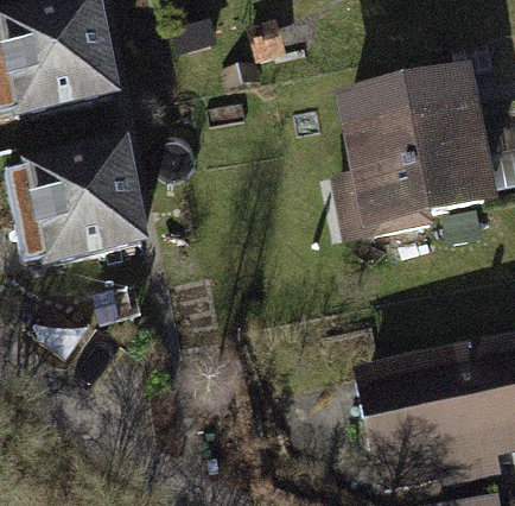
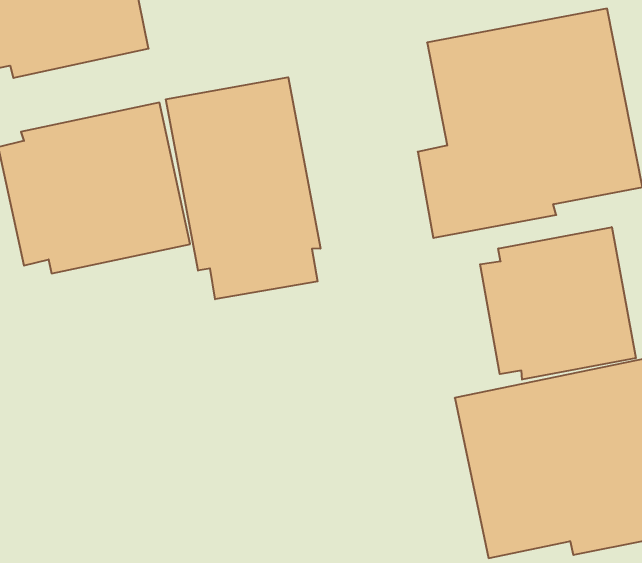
building: none -> [166,77,320,299]
building: none -> [480,227,636,380]

